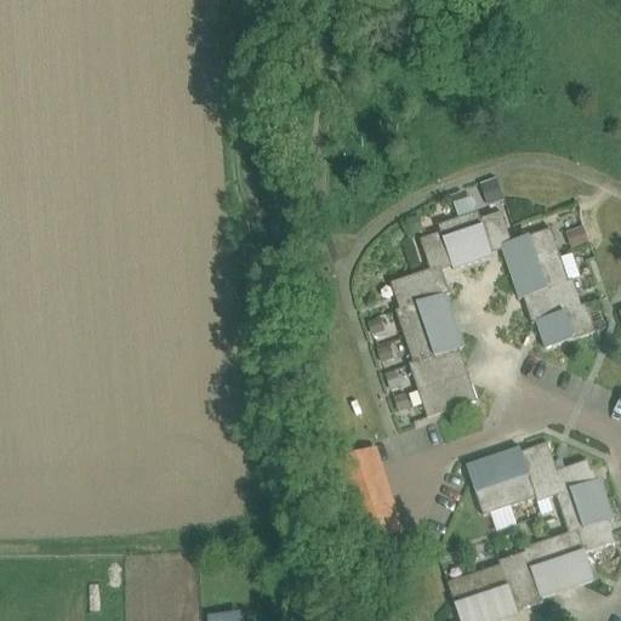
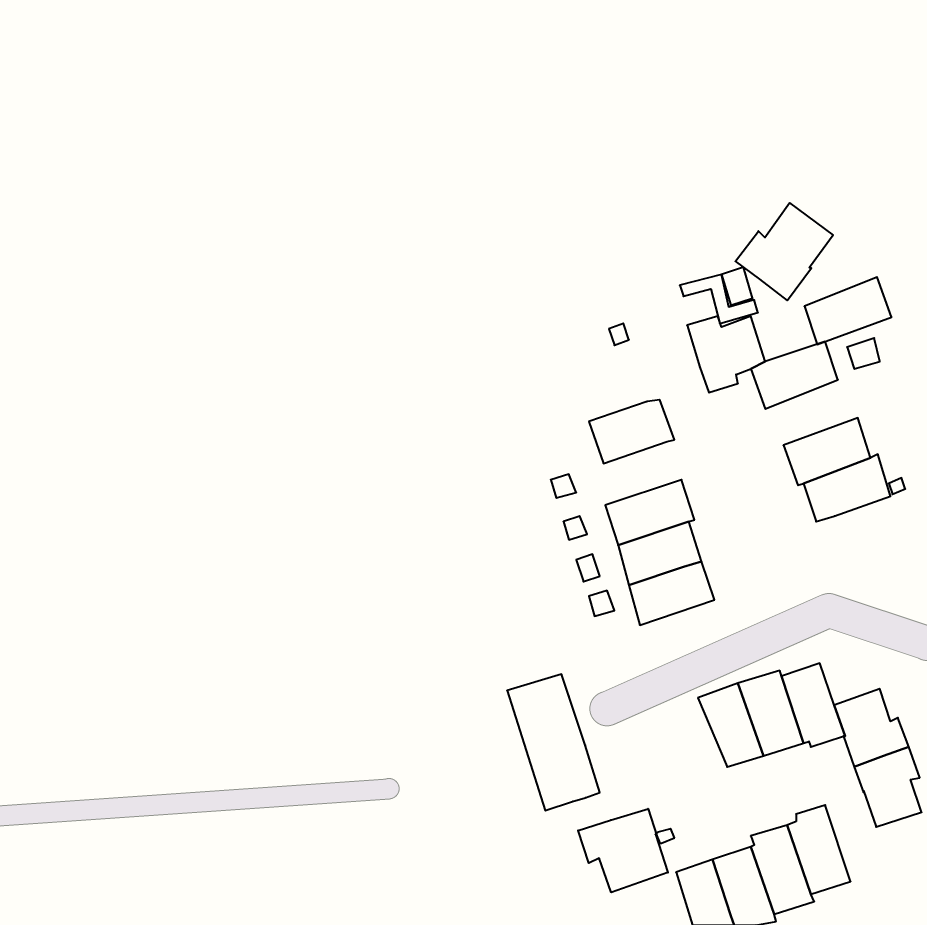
building: none -> [735,203,833,300]
building: [422,217,473,269] -> none
building: [511,253,569,298] -> [804,277,892,344]
building: [397,295,455,337] -> none
building: [551,528,594,588] -> none
building: none -> [578,809,668,892]

